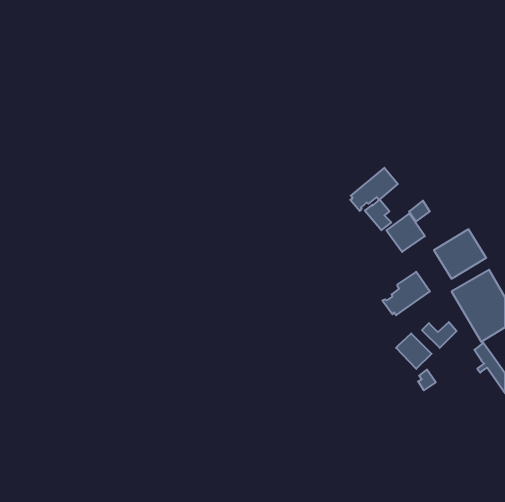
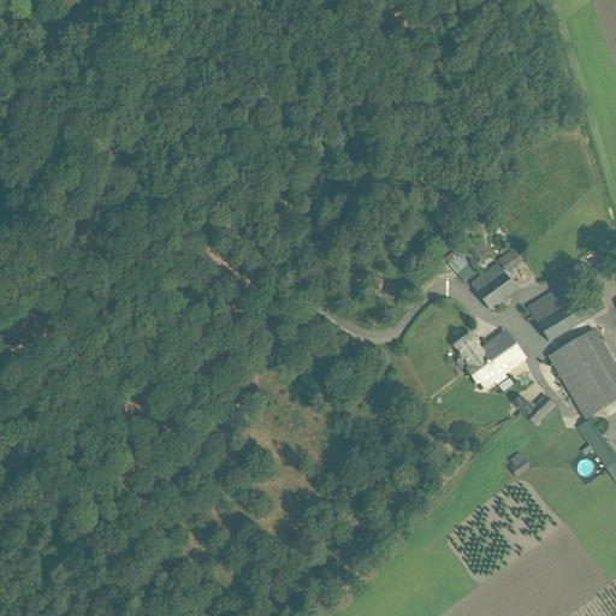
building: [350,168,398,211] -> none
building: none -> [454,330,486,366]
building: [396,333,432,369] -> none

